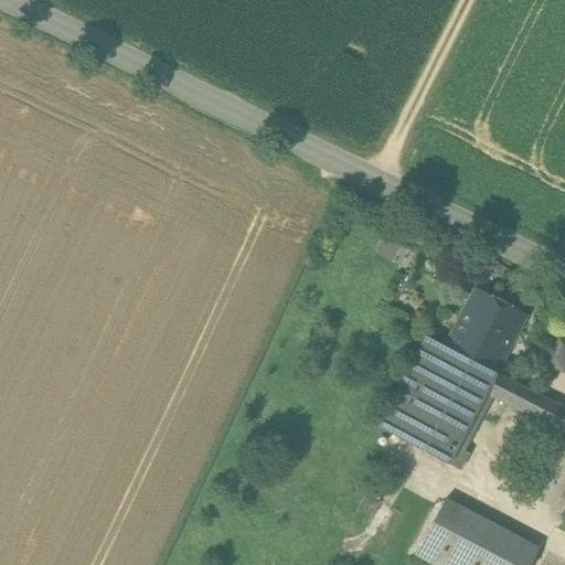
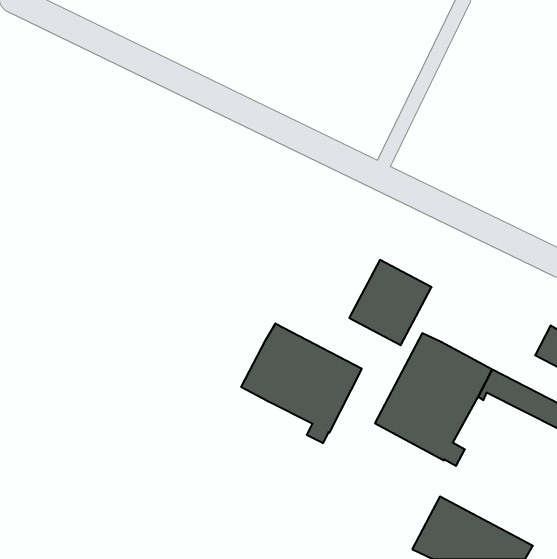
building: [447,286,530,372] -> [349,260,432,345]
building: none -> [241,323,362,443]

